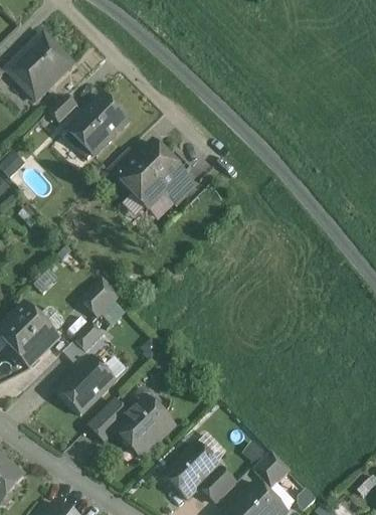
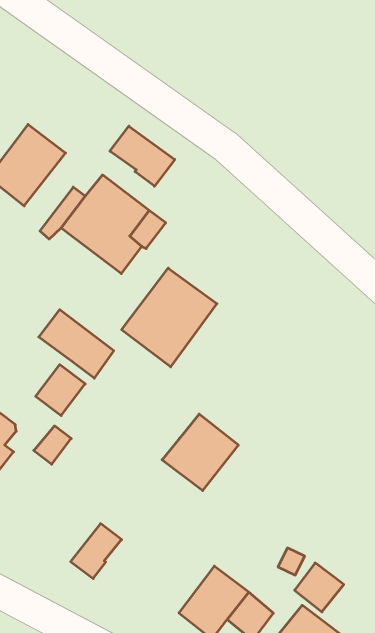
building: none -> [110,126,175,186]
building: none -> [122,268,217,367]
building: none -> [39,310,114,378]
building: [57,356,115,413] -> none
building: [114,398,172,456] -> [162,414,238,491]

